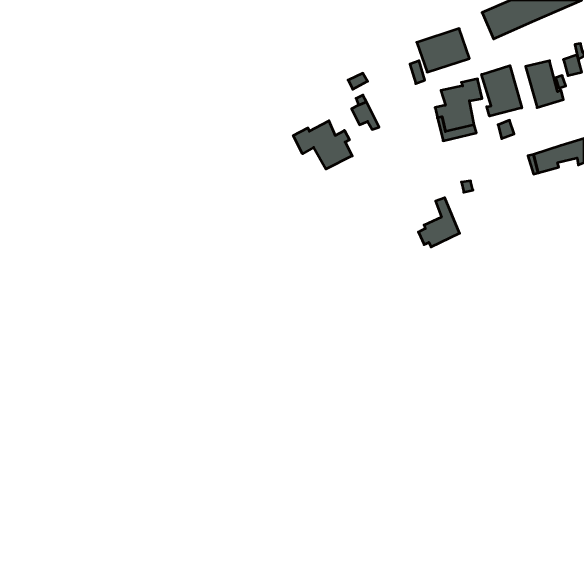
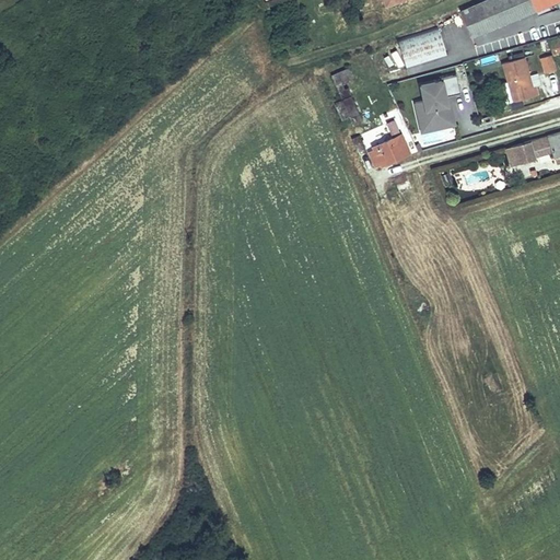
building: [482,66,522,116] -> none
building: [293,121,352,169] -> none
building: [418,198,460,247] -> [369,121,408,168]

